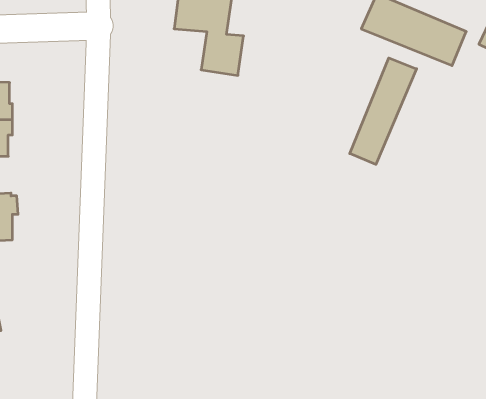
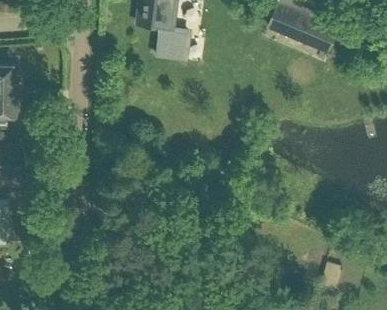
building: [350,58,417,164] -> none

